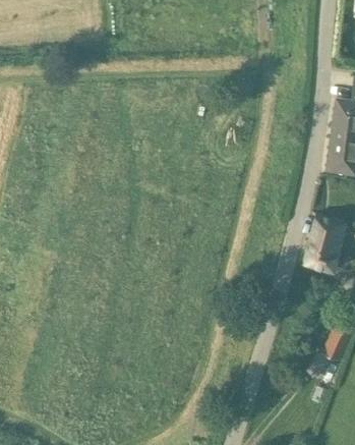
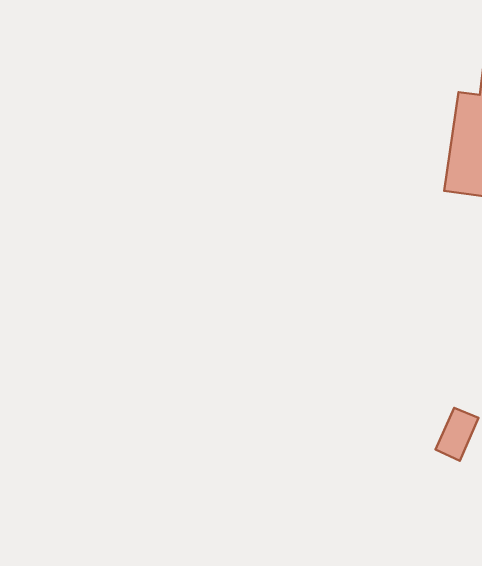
building: [305,216,345,270] -> none

